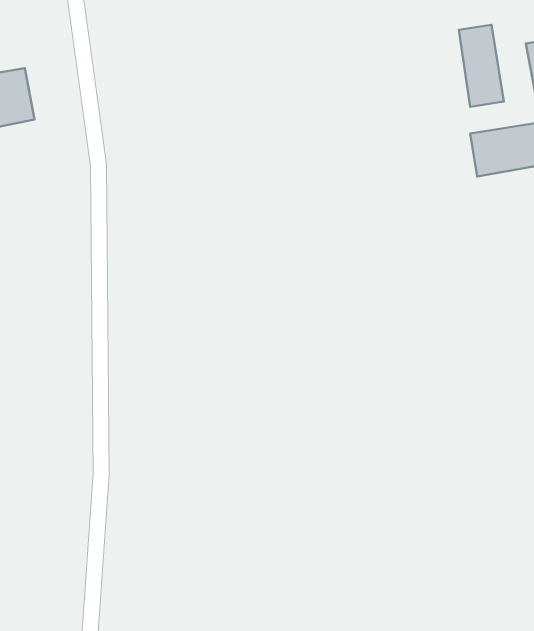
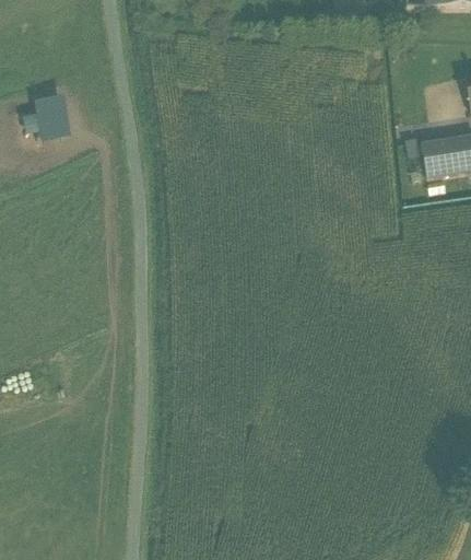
building: [459,25,504,107] -> none

